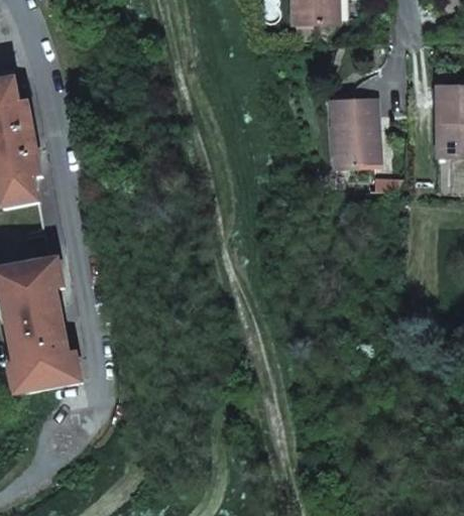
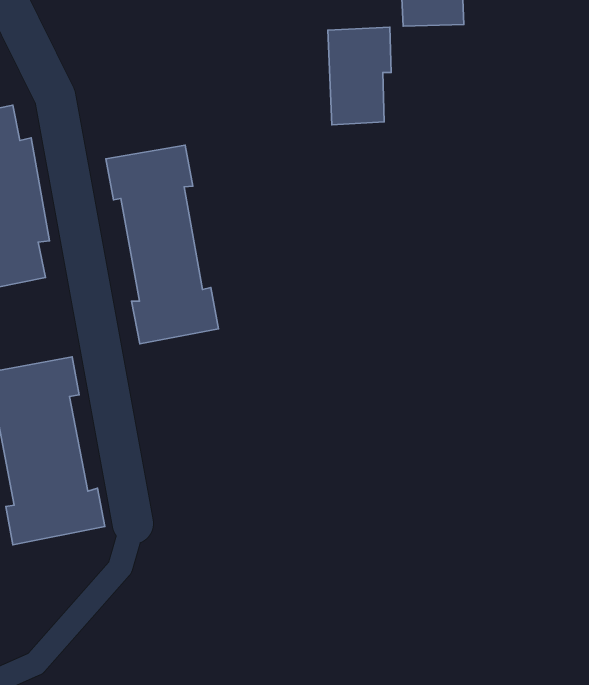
building: [331,97,376,166] -> [328,27,391,125]
building: none -> [106,145,219,344]

